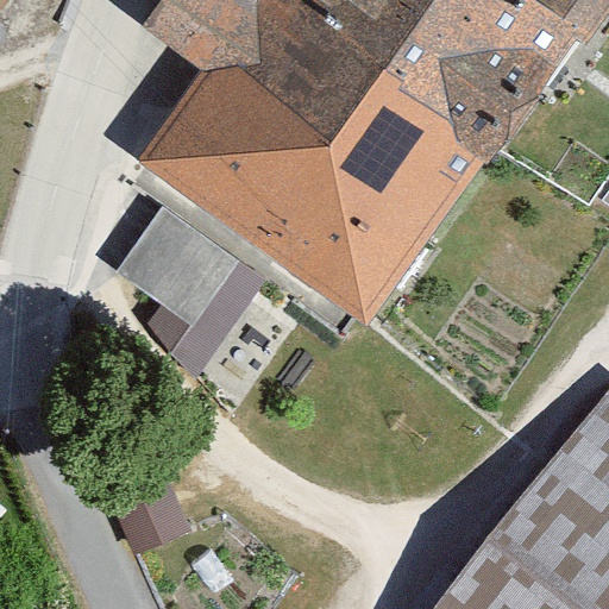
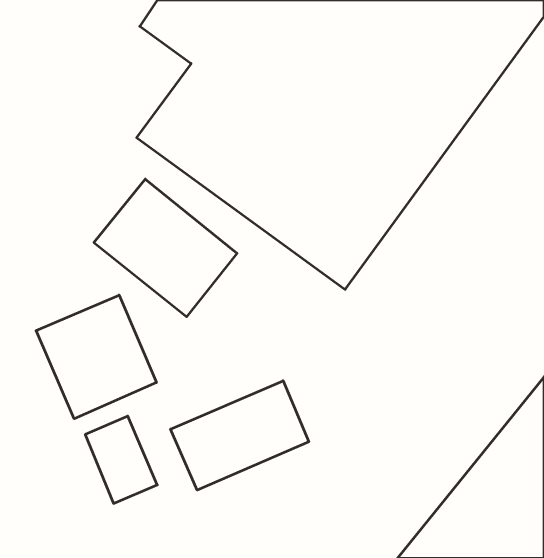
building: none -> [36,295,156,419]
building: none -> [171,381,309,490]

